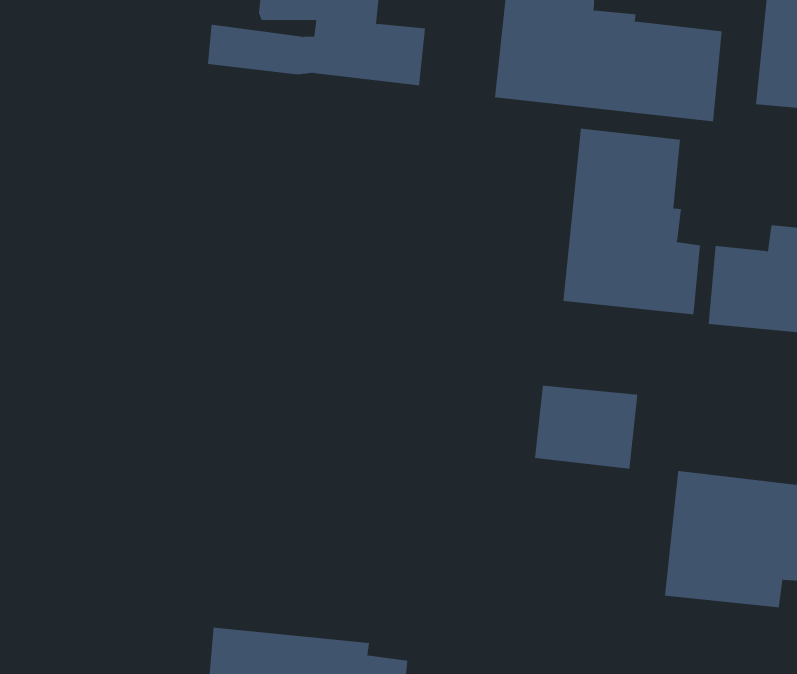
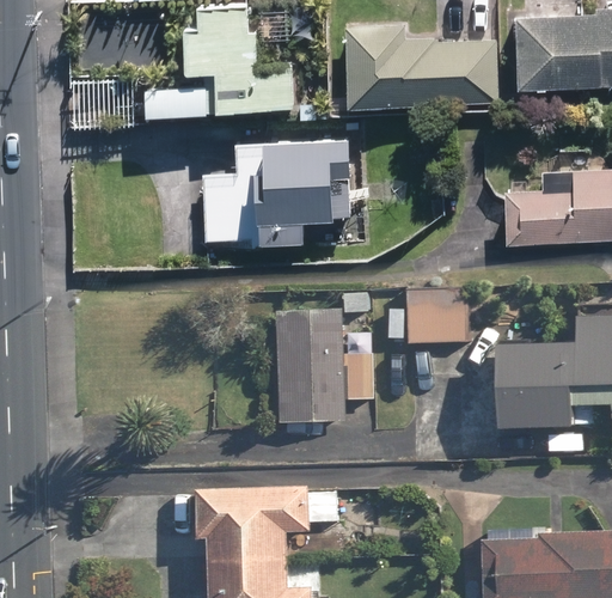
building: none -> [200,135,355,242]
building: [563,128,700,315] -> none
building: none -> [277,313,371,428]

